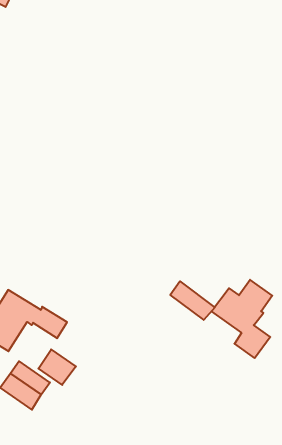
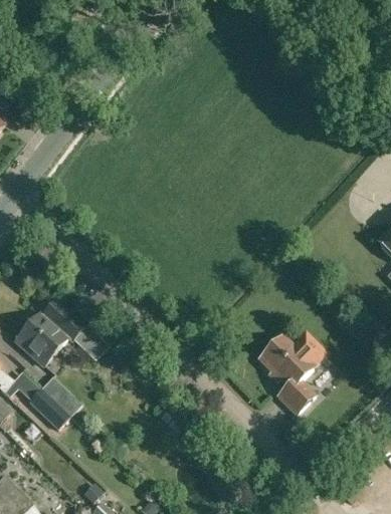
building: [170,281,215,320] -> none
building: [38,349,76,385] -> none

